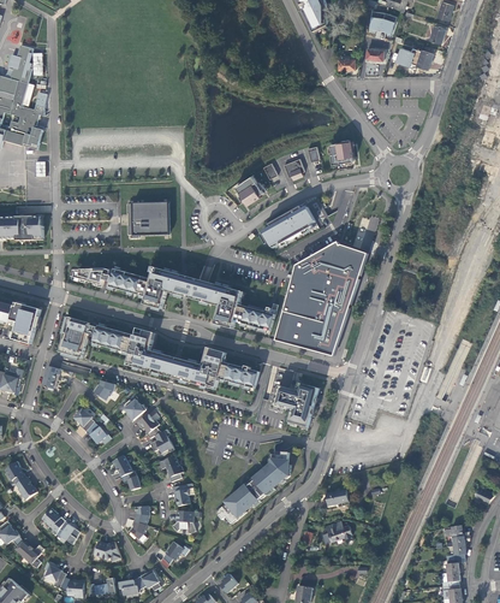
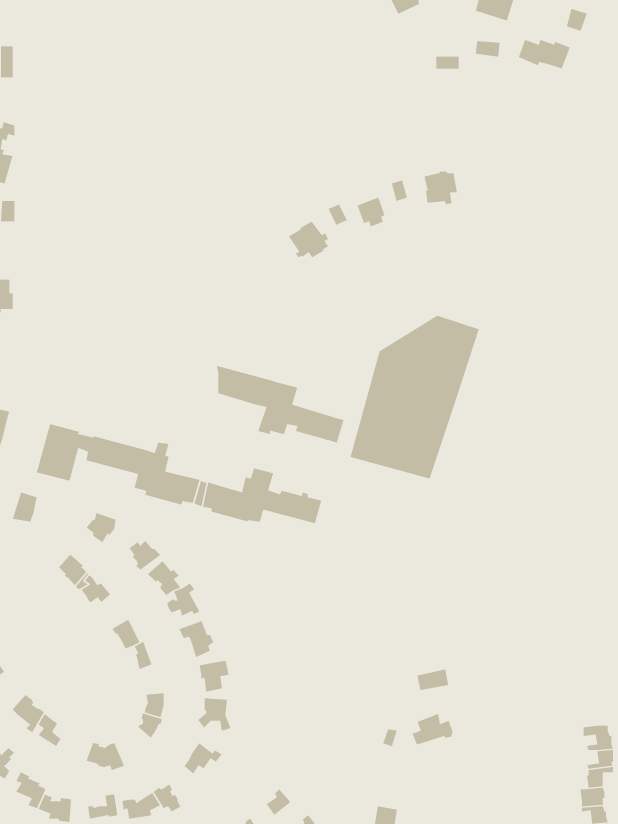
building: [126,199,168,236] -> none
building: [262,205,314,244] -> none
building: [72,266,180,307] -> none
building: [272,380,319,426] -> none
building: [219,450,290,522] -> none

